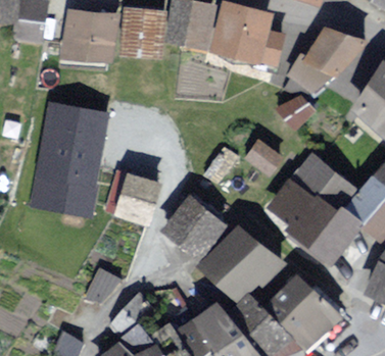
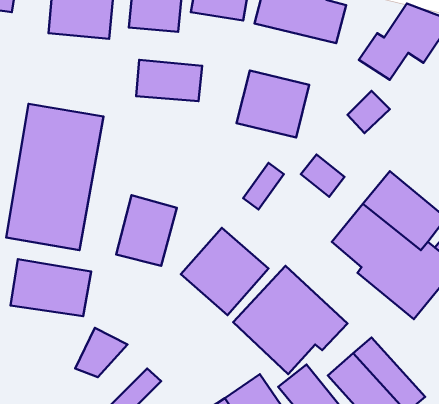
building: none -> [136,60,202,101]
building: none -> [237,70,309,137]
building: none -> [11,259,91,316]

